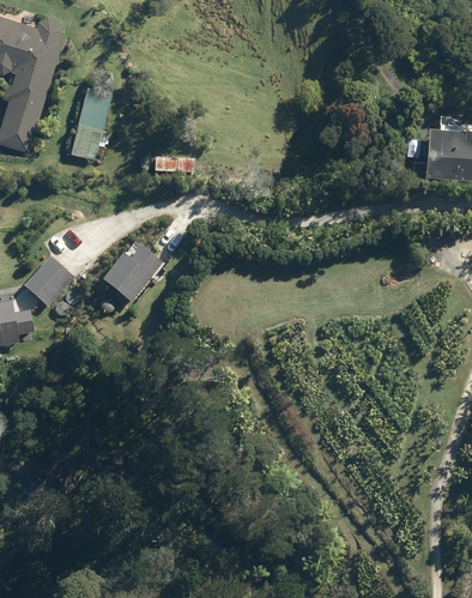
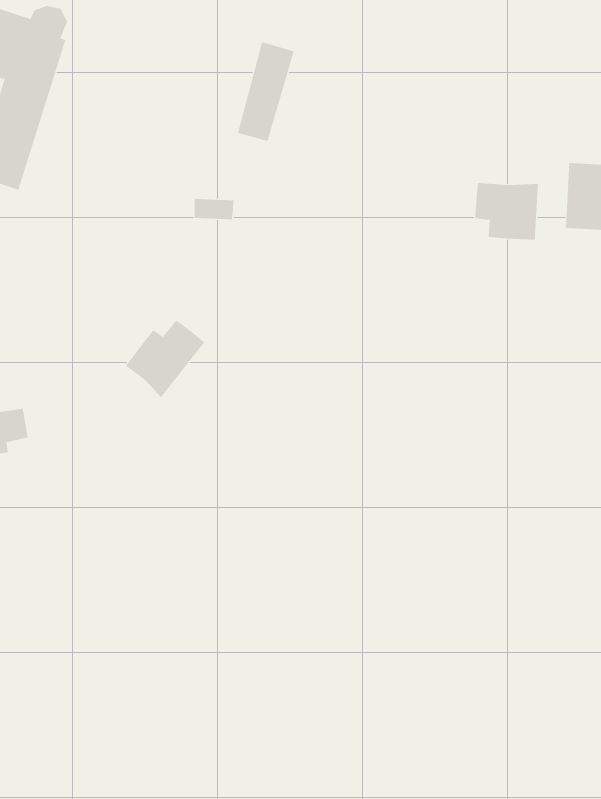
building: [69,85,111,158] -> [237,41,294,141]
building: none -> [474,182,539,241]
building: [24,256,73,307] -> none

